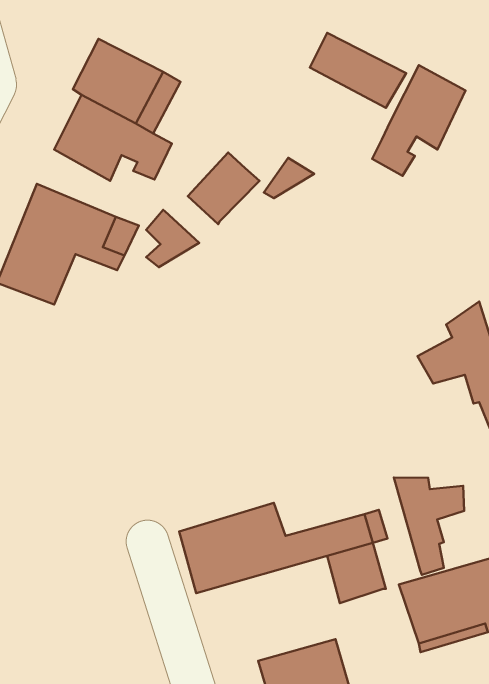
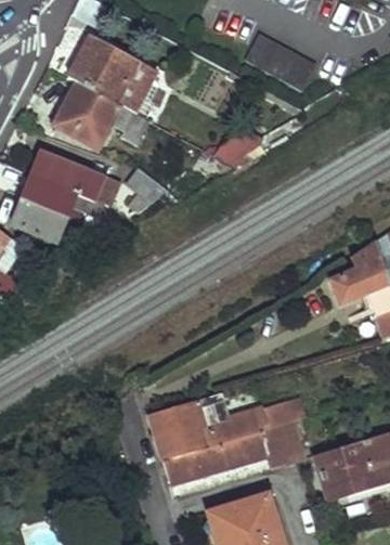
building: [372,65,466,176] -> none
building: [188,153,260,224] -> none
building: [394,478,464,575] -> none
building: none -> [162,432,266,484]

